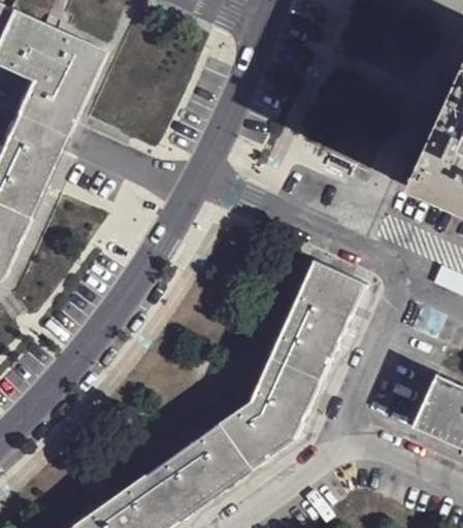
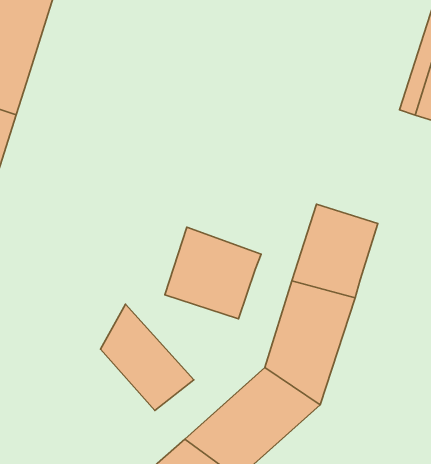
building: none -> [165,227,261,319]
building: none -> [100,304,194,411]

